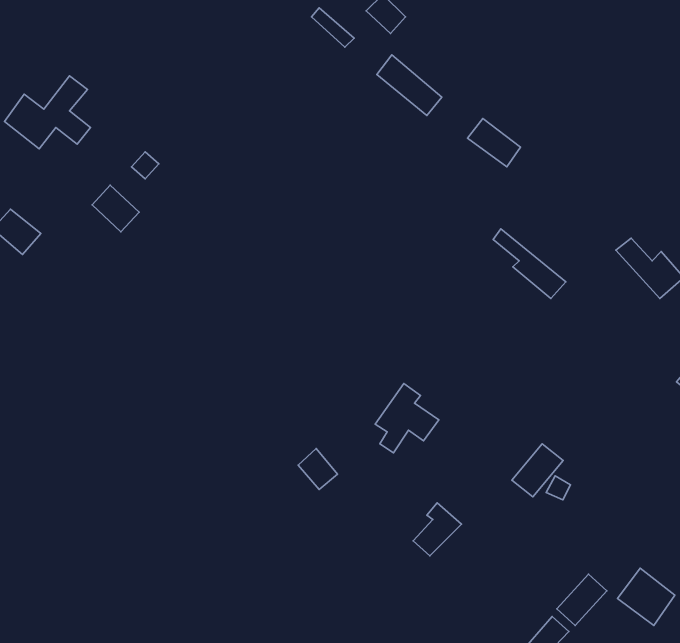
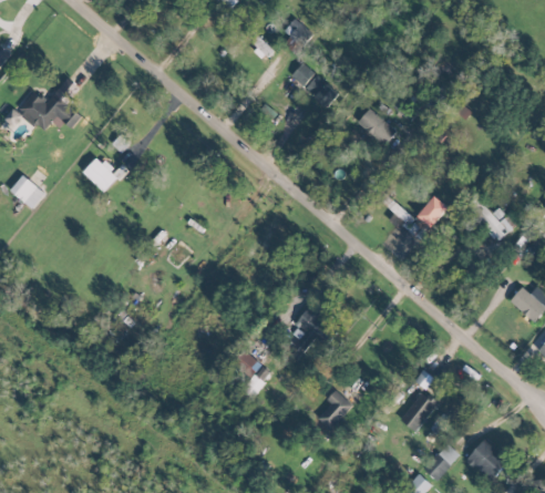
building: none -> [418,195,448,226]
building: [512,444,563,497] -> [399,392,436,431]

